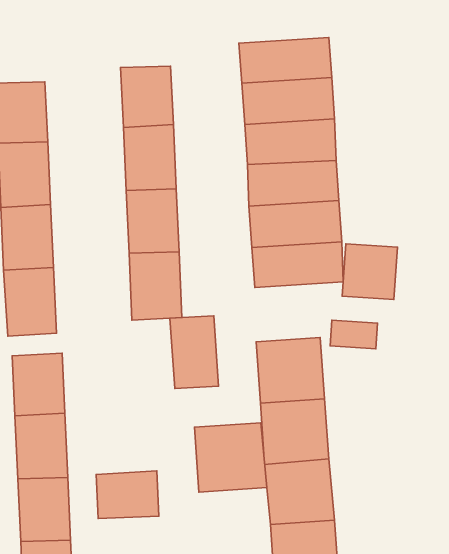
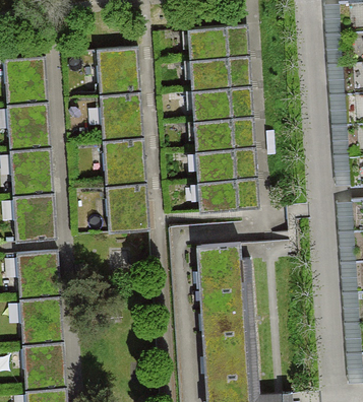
building: [342,244,398,299] -> none
building: [170,316,218,389] -> none
building: [194,423,267,492] -> none
building: [96,471,159,519] -> none

